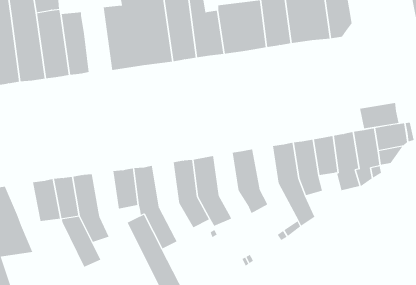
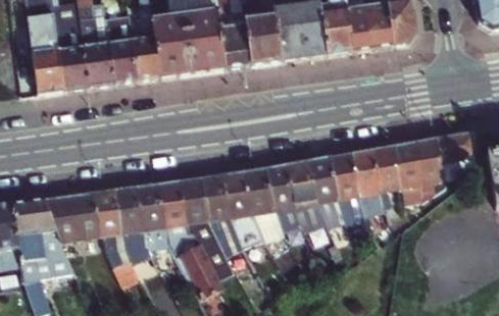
building: none -> [126,10,157,80]
building: [359,102,399,129] -> none
building: none -> [308,158,335,201]
building: none -> [266,165,303,233]
building: none -> [201,175,244,256]
building: none -> [137,185,164,228]
building: none -> [44,197,81,243]

